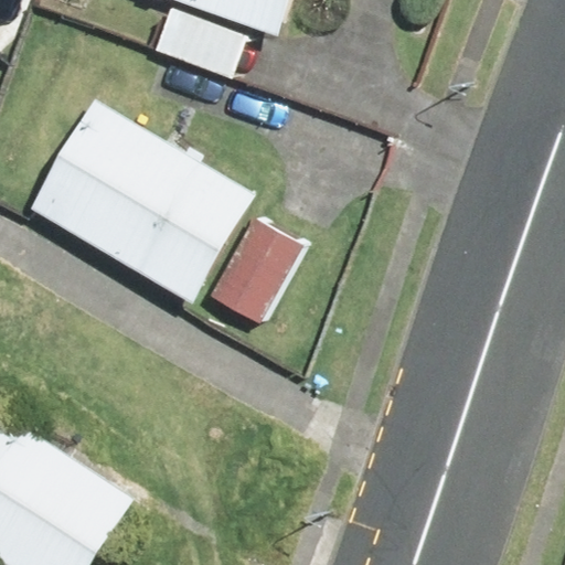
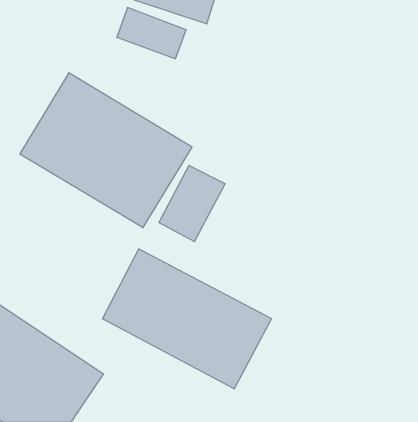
building: none -> [102,249,271,389]

